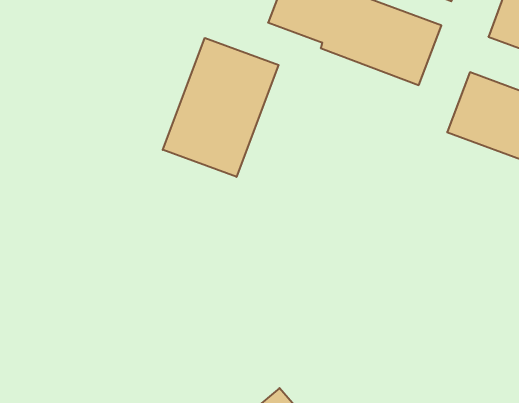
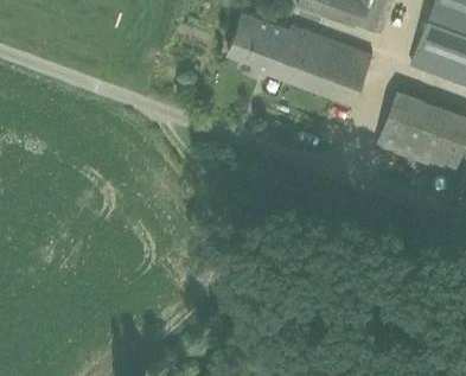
building: [163,38,279,177] -> none

